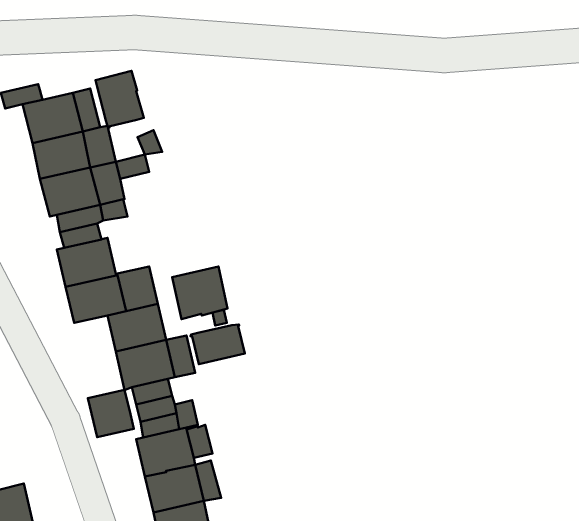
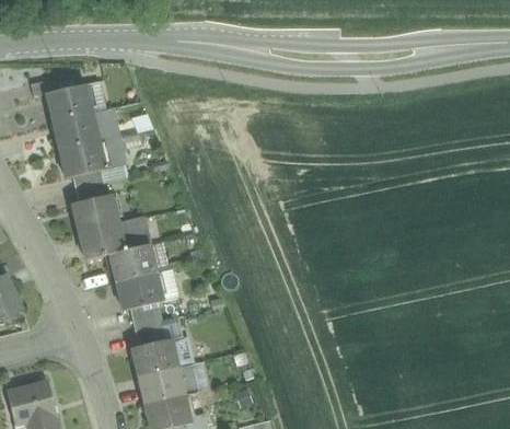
building: [95,71,144,128] -> none
building: [172,267,228,319] -> none
building: [191,324,245,364] -> none
building: [88,390,134,437] -> none

